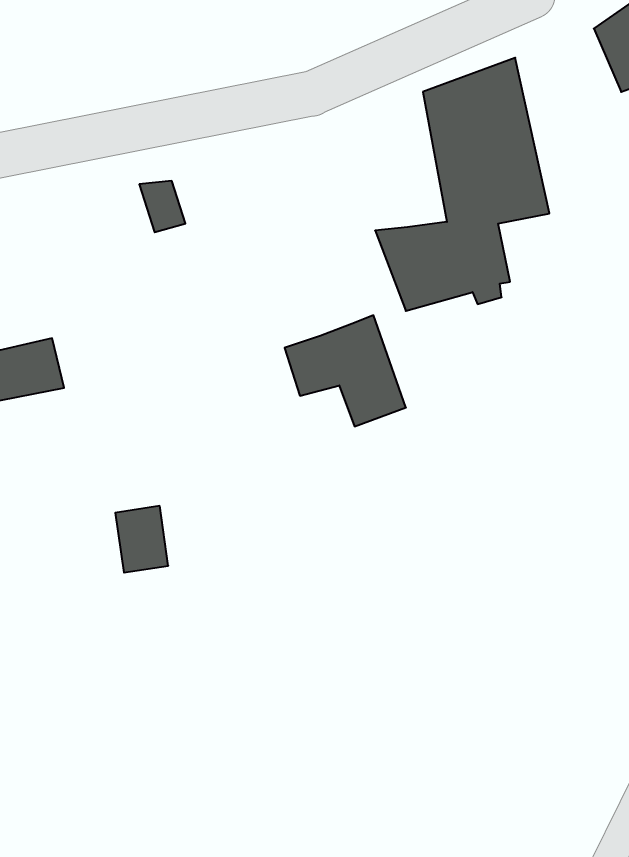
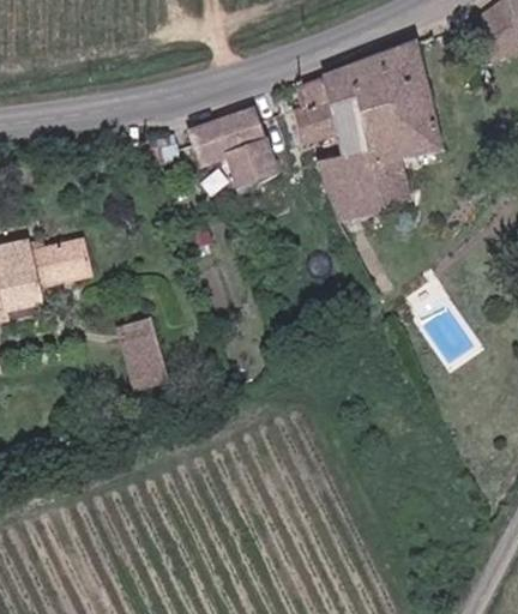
building: none -> [288,65,363,159]
building: [285,315,406,426] -> [189,106,275,183]
building: none -> [125,320,162,360]

